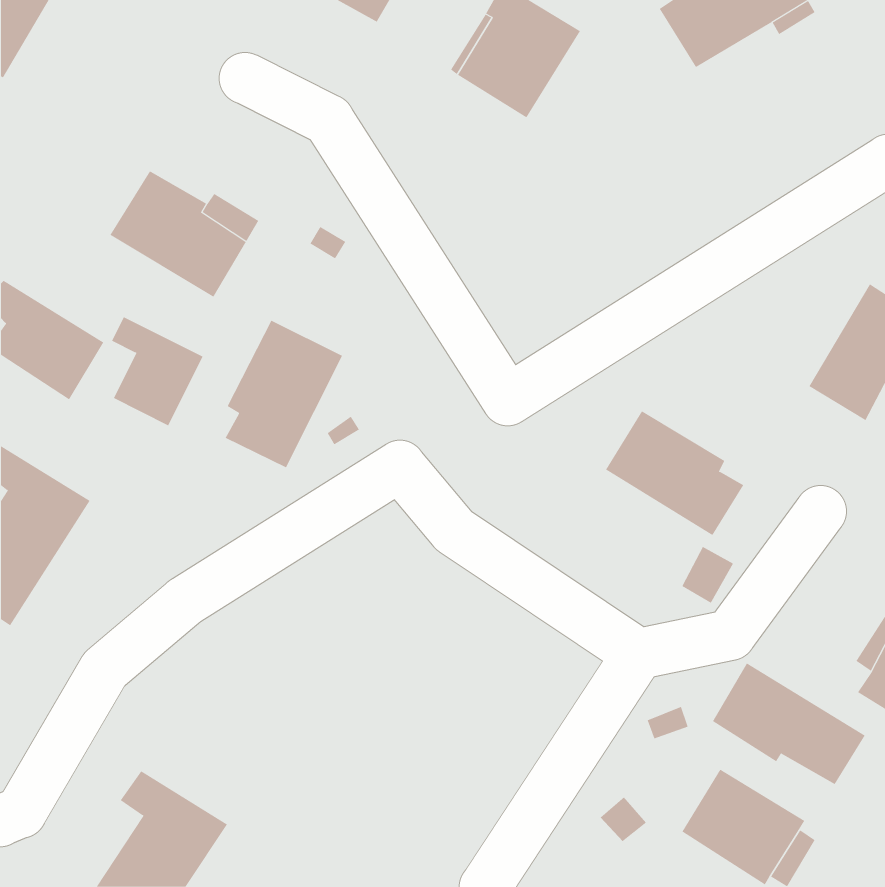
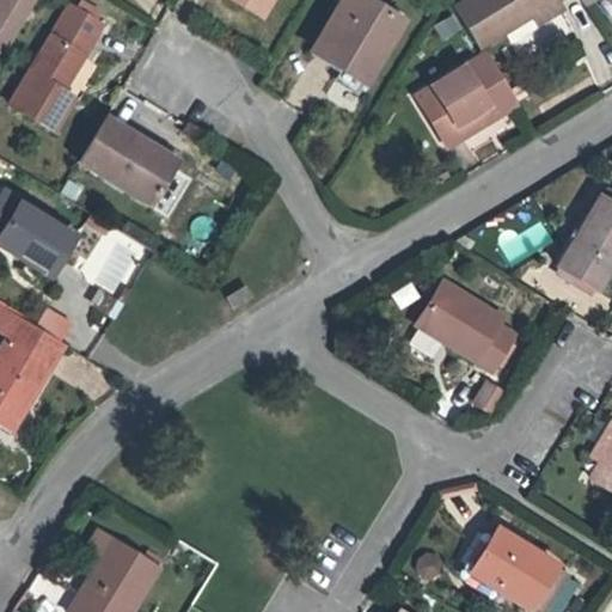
building: none -> [10,5,103,131]
building: none -> [417,54,515,145]
building: [225,320,343,468] -> none
building: [712,662,866,785] -> none

